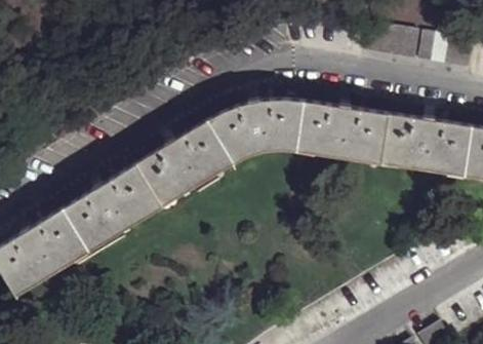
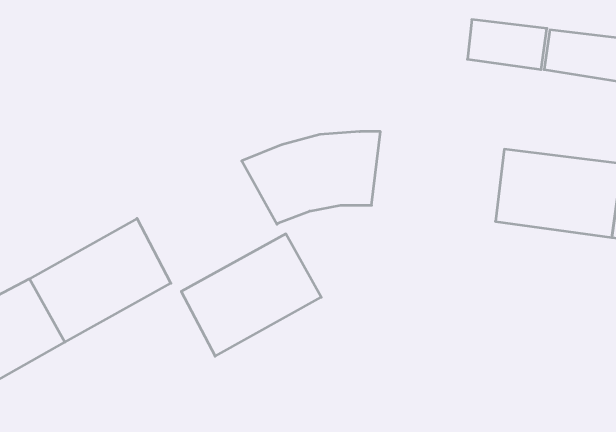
building: [303,103,395,165] -> none
building: [139,123,237,208] -> [181,234,321,356]

